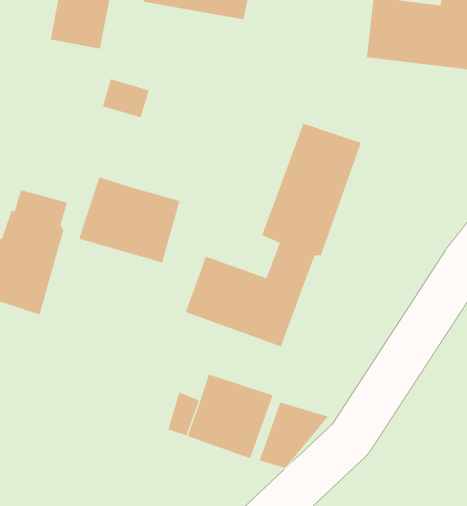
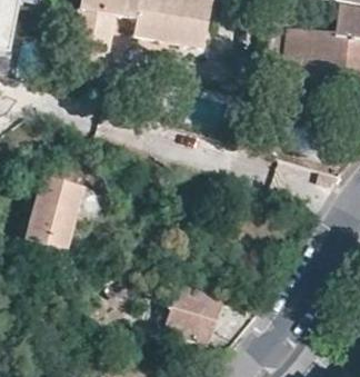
building: [185,123,362,347] -> none
building: [79,177,180,263] -> none

